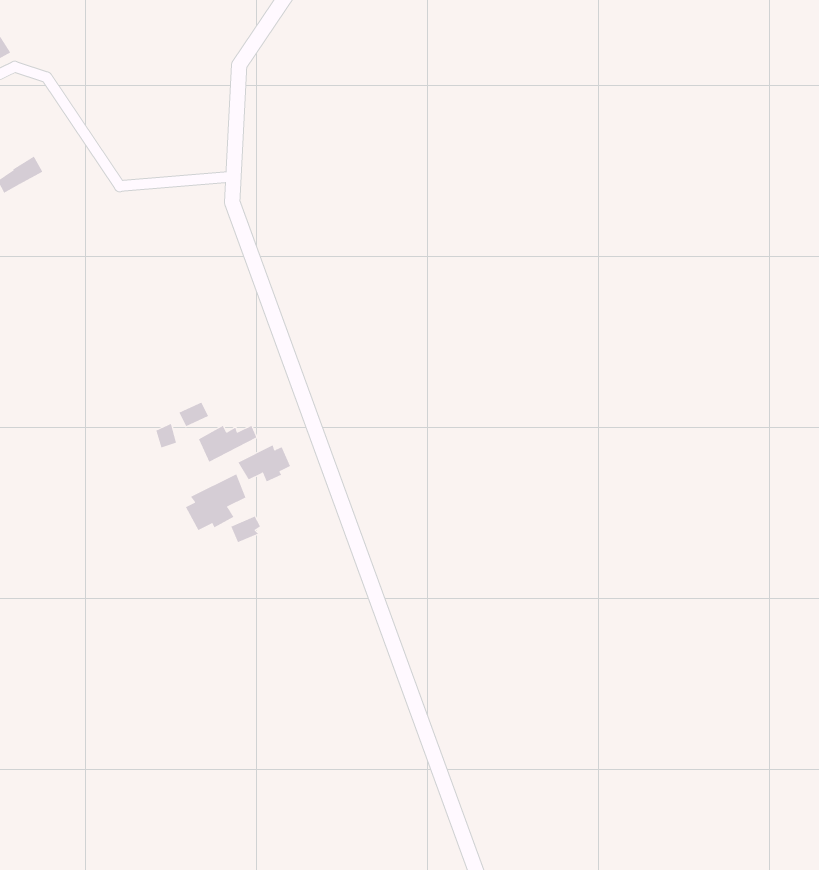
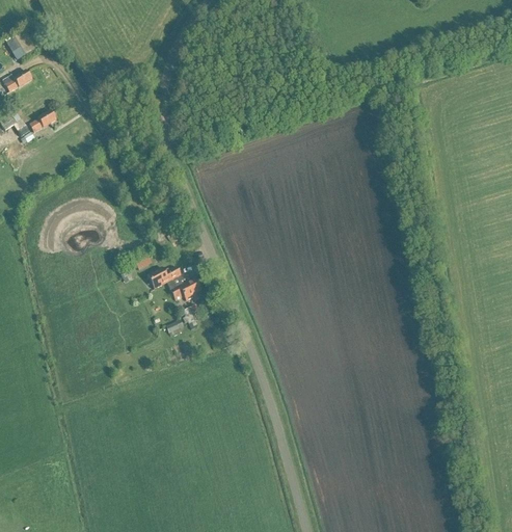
building: [185,473,246,531] -> none

